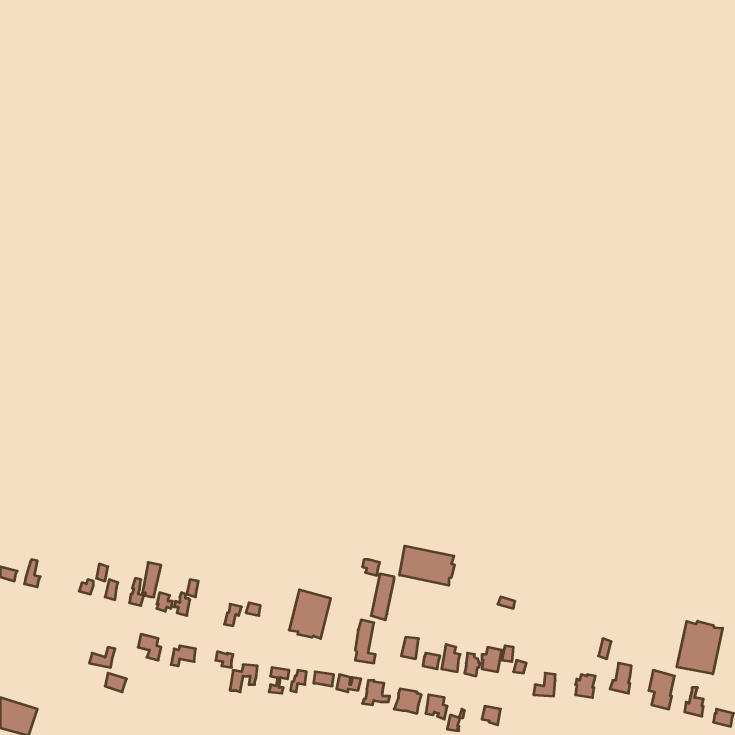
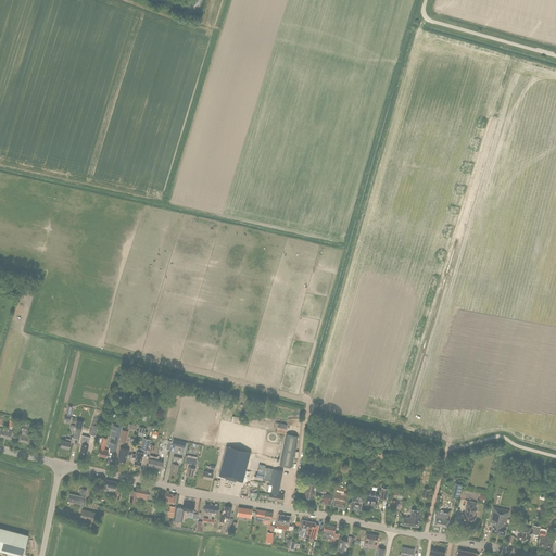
building: [400,546,455,585] -> none
building: [677,621,723,674] -> none

